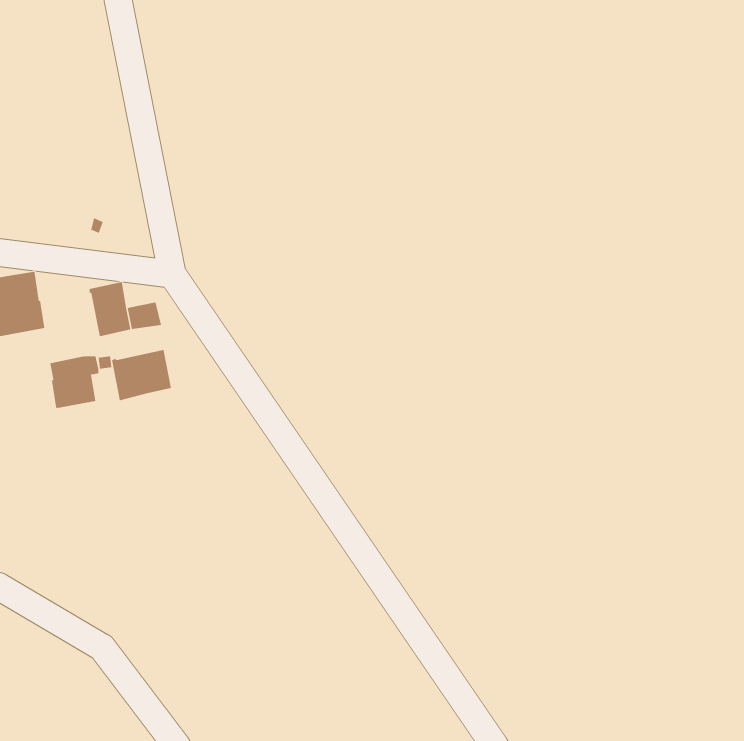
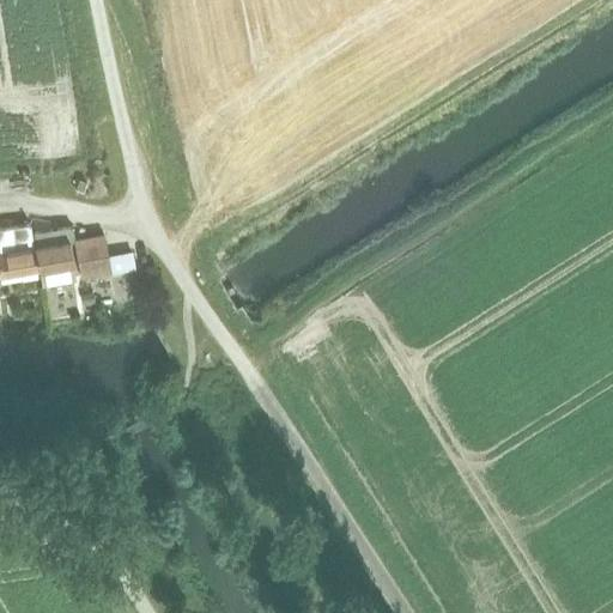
building: [111,349,171,401] -> none
building: [50,356,99,408] -> [32,230,73,273]

